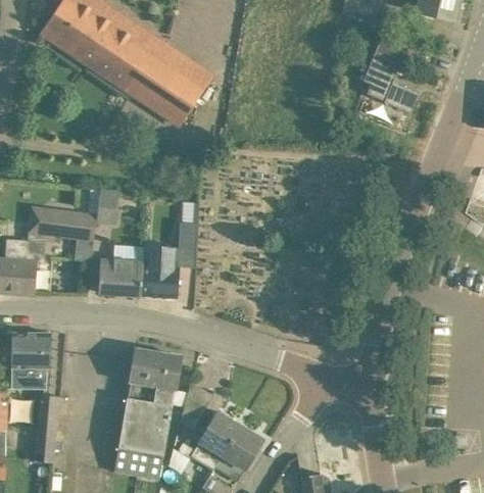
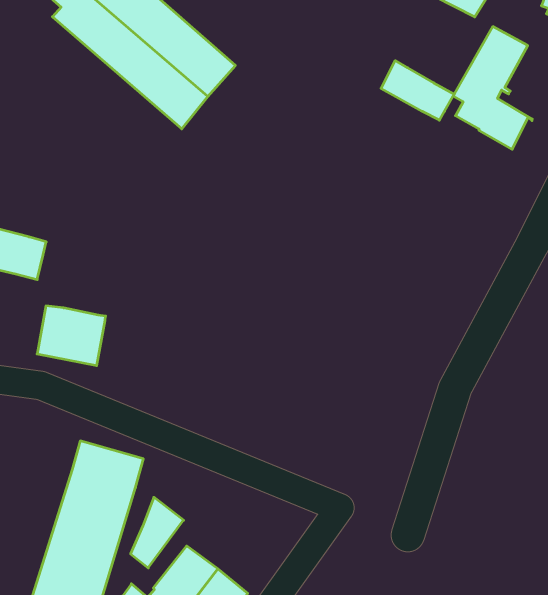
building: none -> [381,61,454,120]
building: [94,188,118,226] -> none
building: [140,221,197,297] -> none

